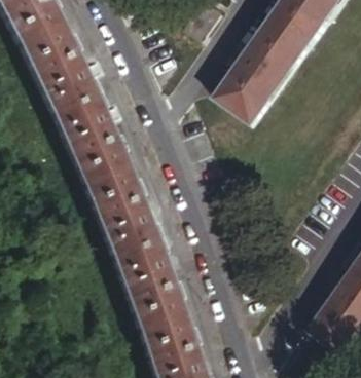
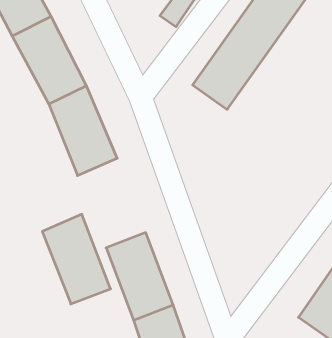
building: [93,173,161,263] -> [42,214,111,304]

